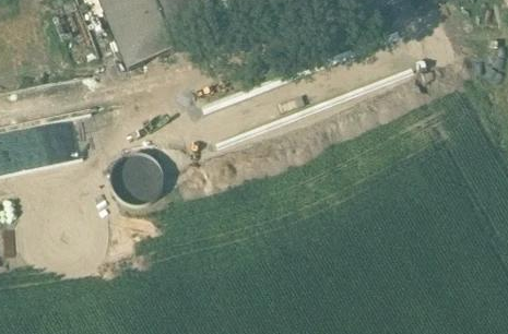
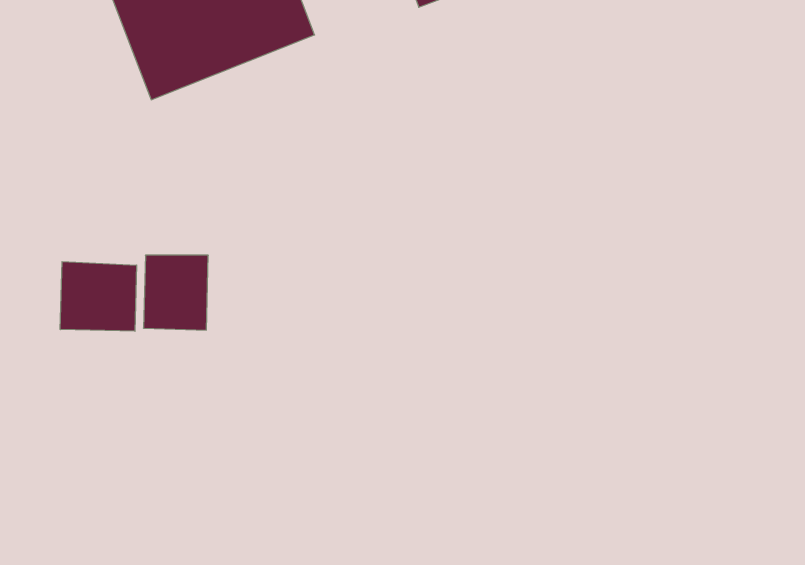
building: none -> [60,262,137,331]

